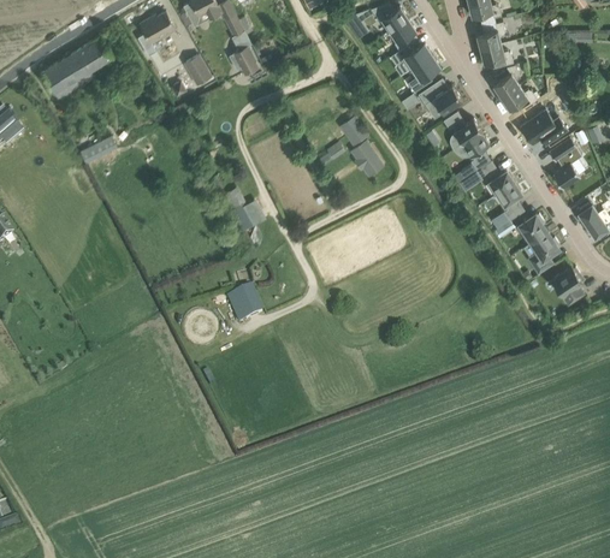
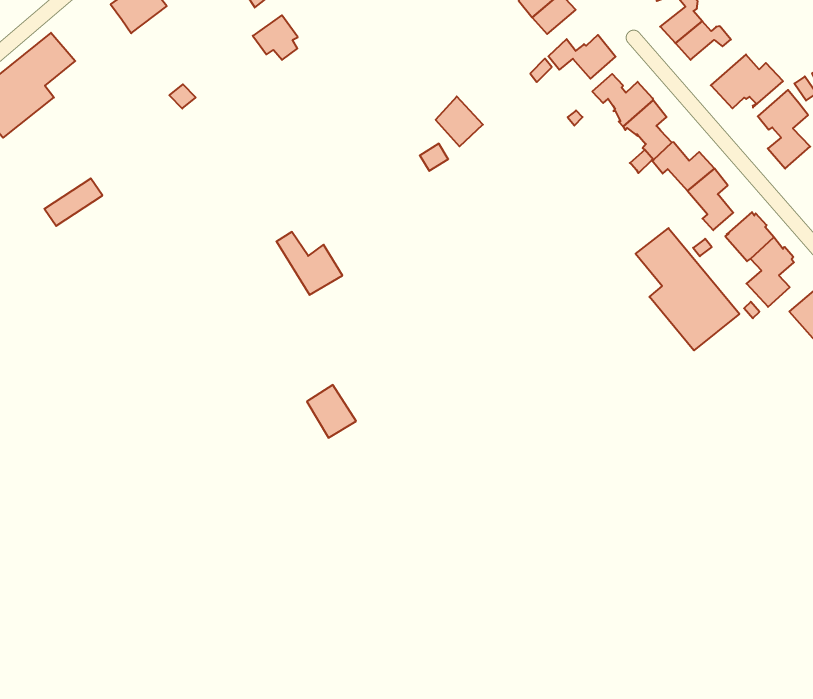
building: [182,55,212,88] -> none
building: [349,140,383,178] -> none
building: none -> [636,228,739,350]

